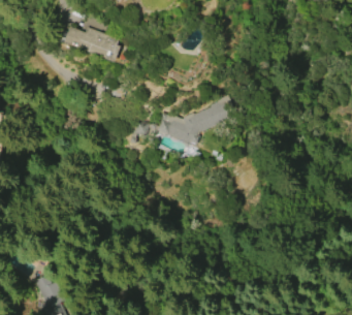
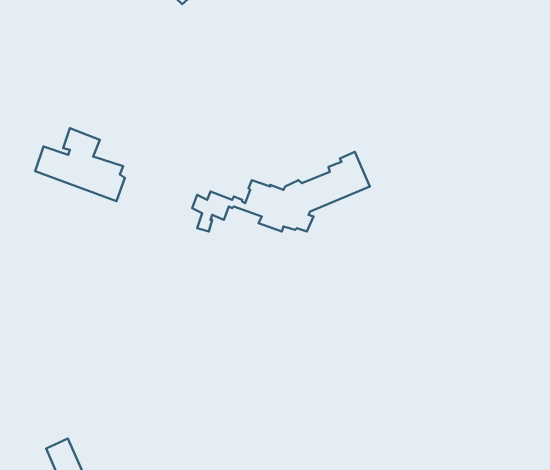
building: [64,15,120,61] -> [35,128,125,201]

